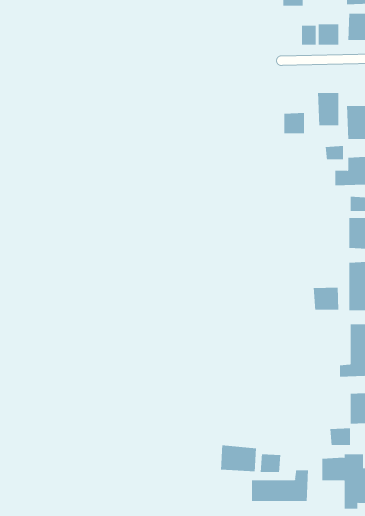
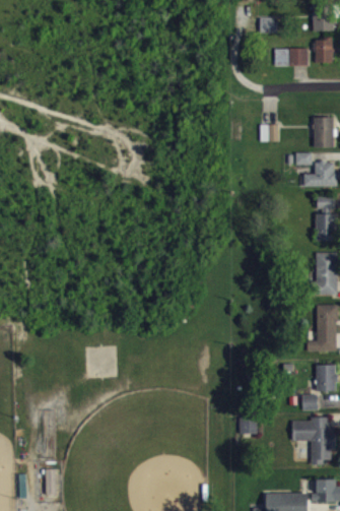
building: [318,92,339,126] -> none
building: [313,287,339,311] -> none
building: [220,444,256,472] -> none
building: [251,469,309,502] -> none

